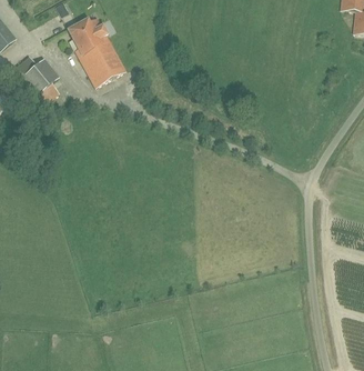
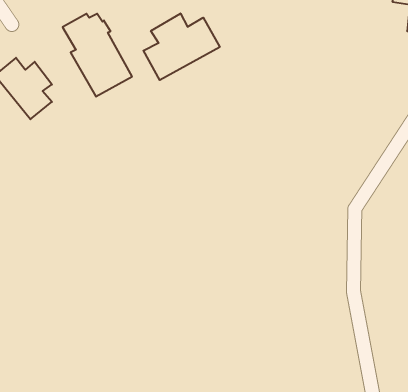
building: none -> [143,13,220,80]

